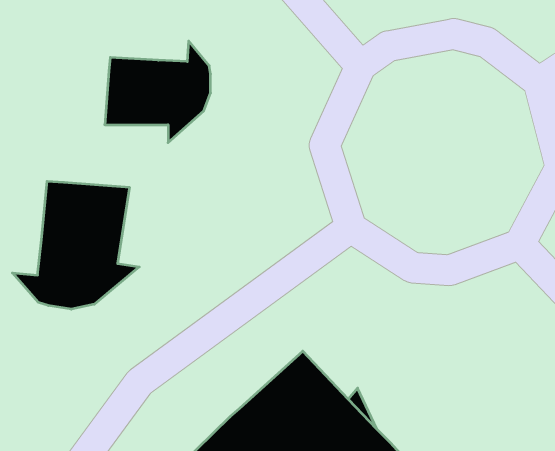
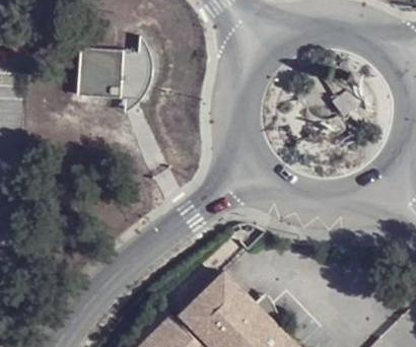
building: [12,181,139,309] -> none

